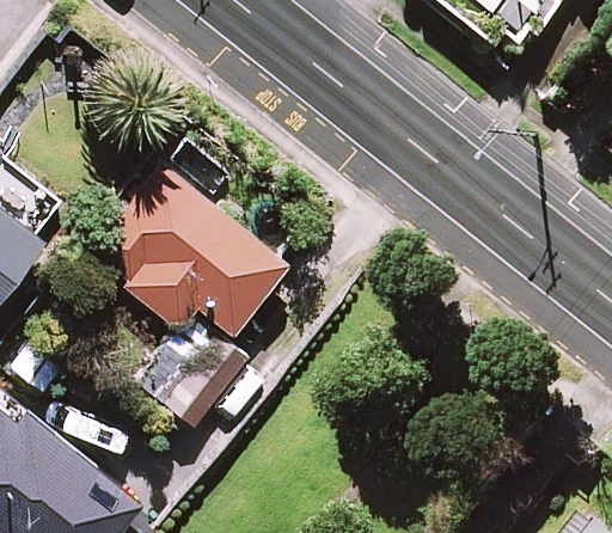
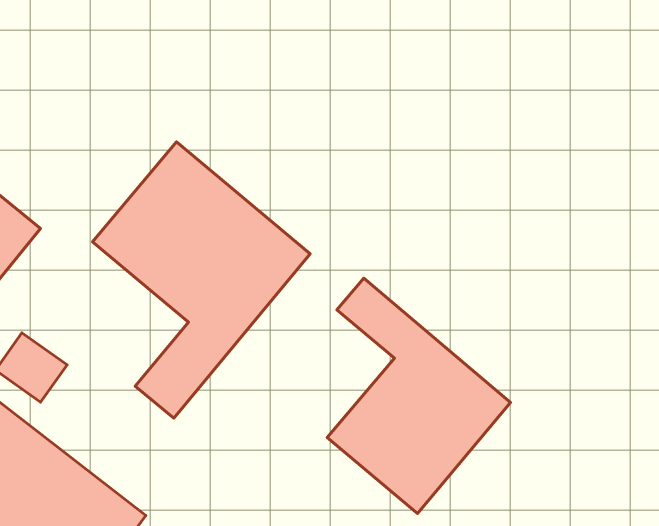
building: none -> [327,278,511,513]

